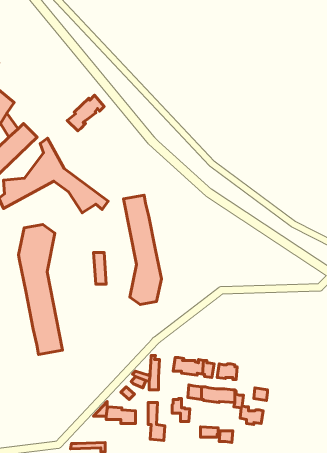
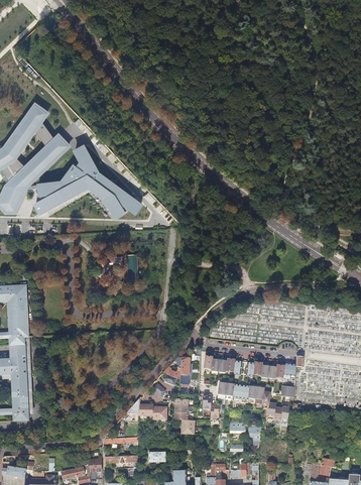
building: [67,95,104,131] -> none
building: [123,195,161,304] -> none
building: [18,224,62,354] -> none
building: none -> [263,364,295,379]

